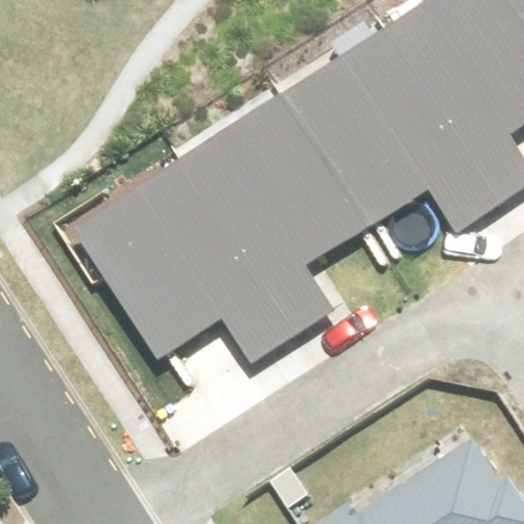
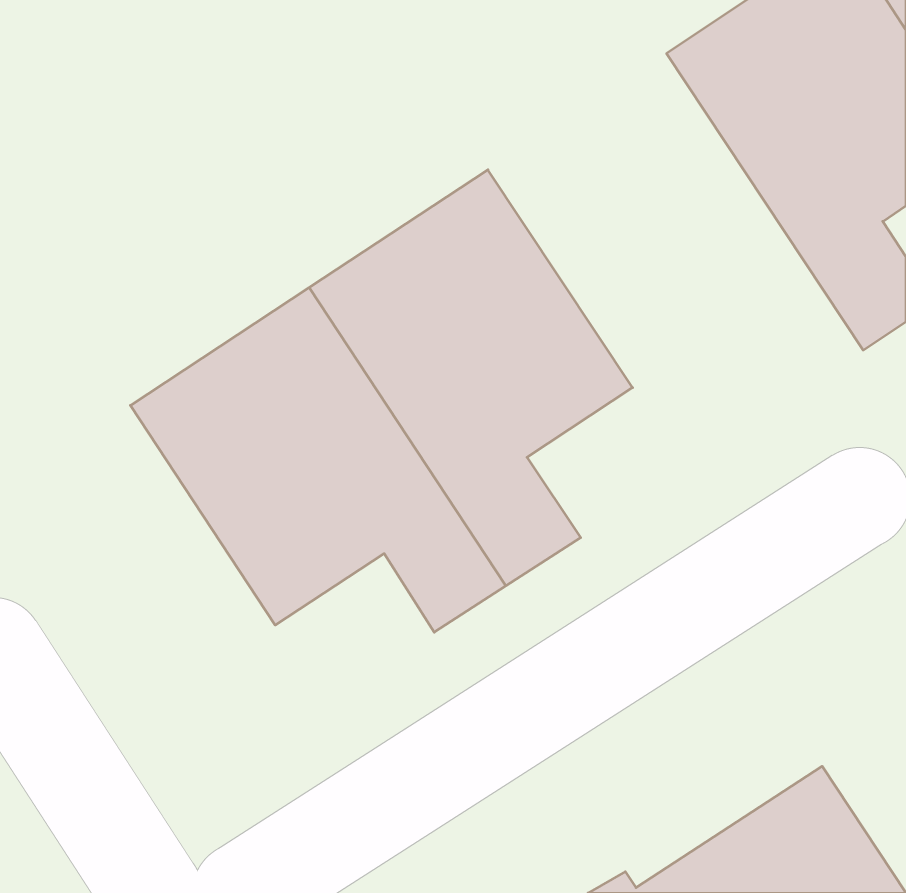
building: [279,31,494,227] -> none

